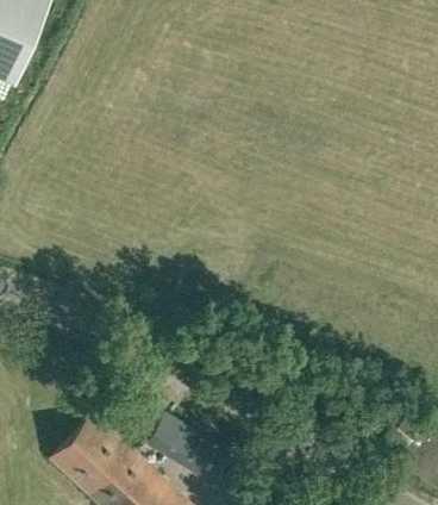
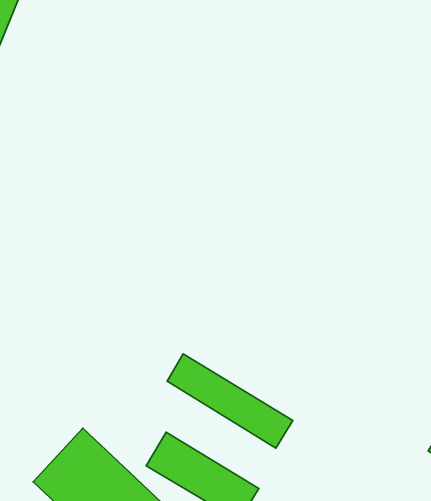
building: none -> [167,354,293,448]

